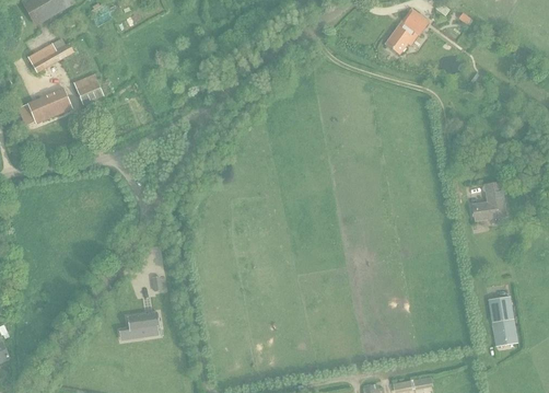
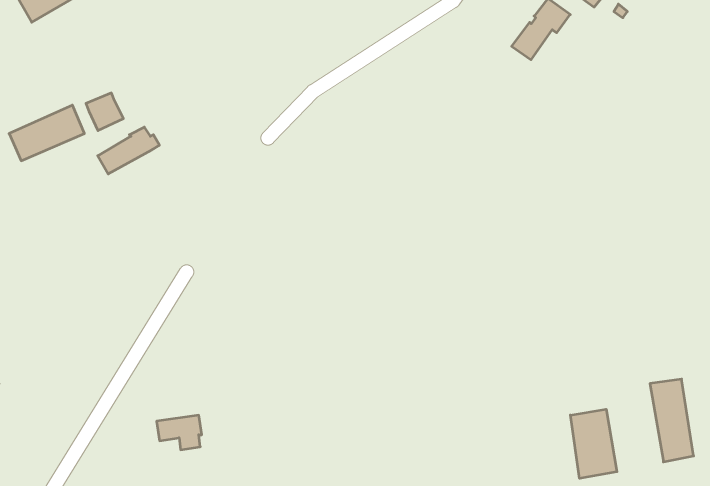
building: [28,37,73,71] -> [98,127,159,174]
building: [470,180,505,219] -> none
building: none -> [570,409,617,478]

